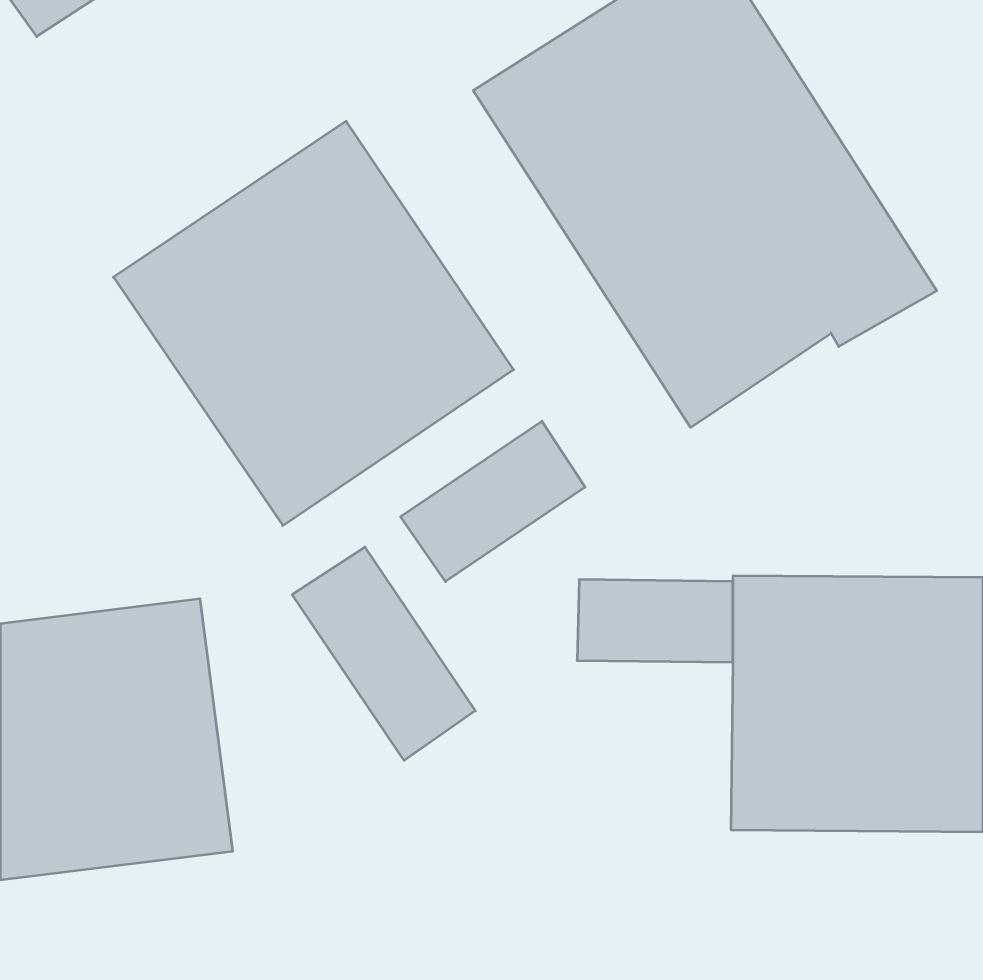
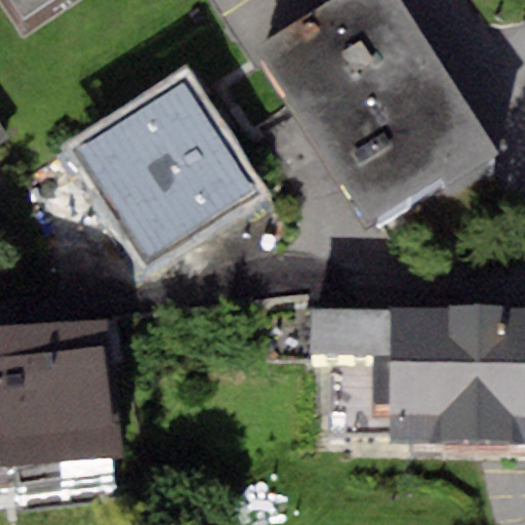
building: [401,421,585,582] -> none
building: [292,547,475,760] -> none

